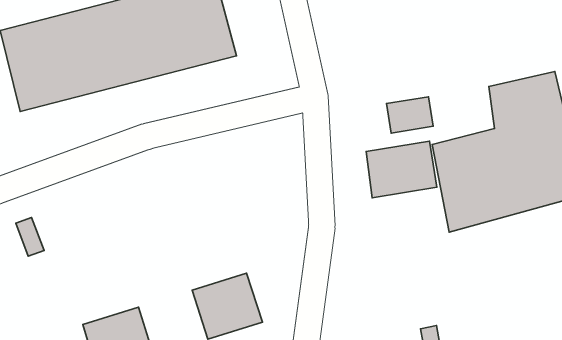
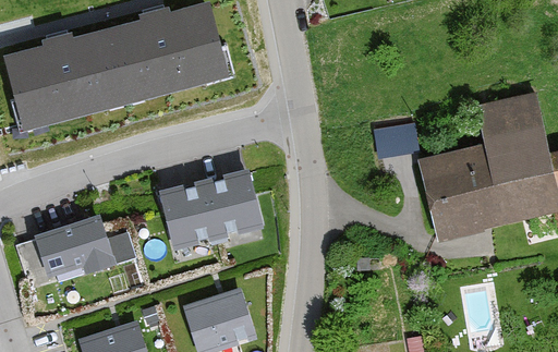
building: [366,141,437,198] -> none
building: none -> [162,173,258,250]
building: none -> [39,218,112,276]

